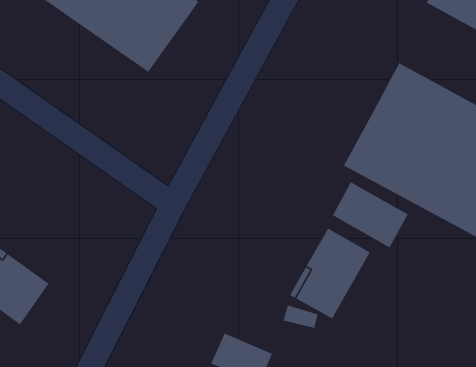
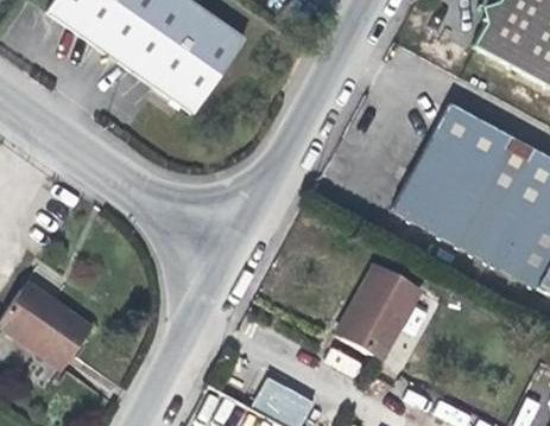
building: [332,181,409,248] -> none

